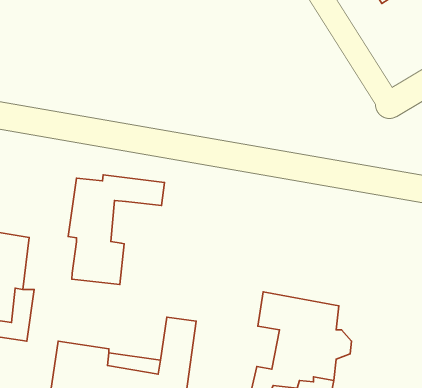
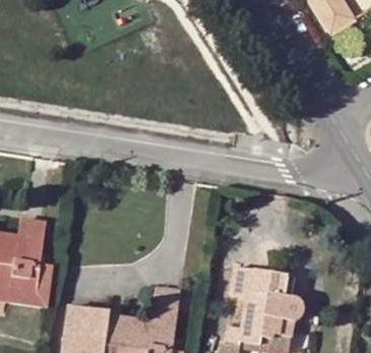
building: [68,175,164,285] -> none

